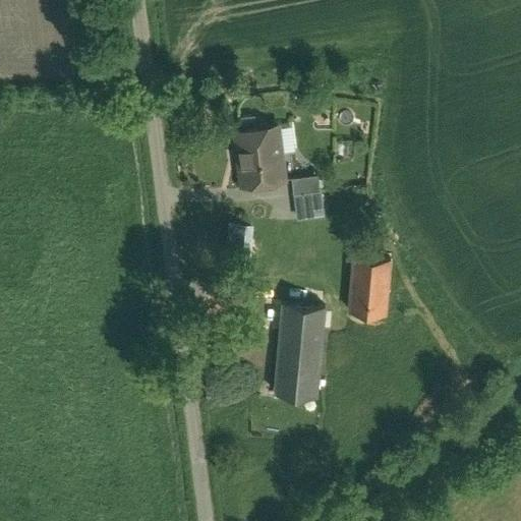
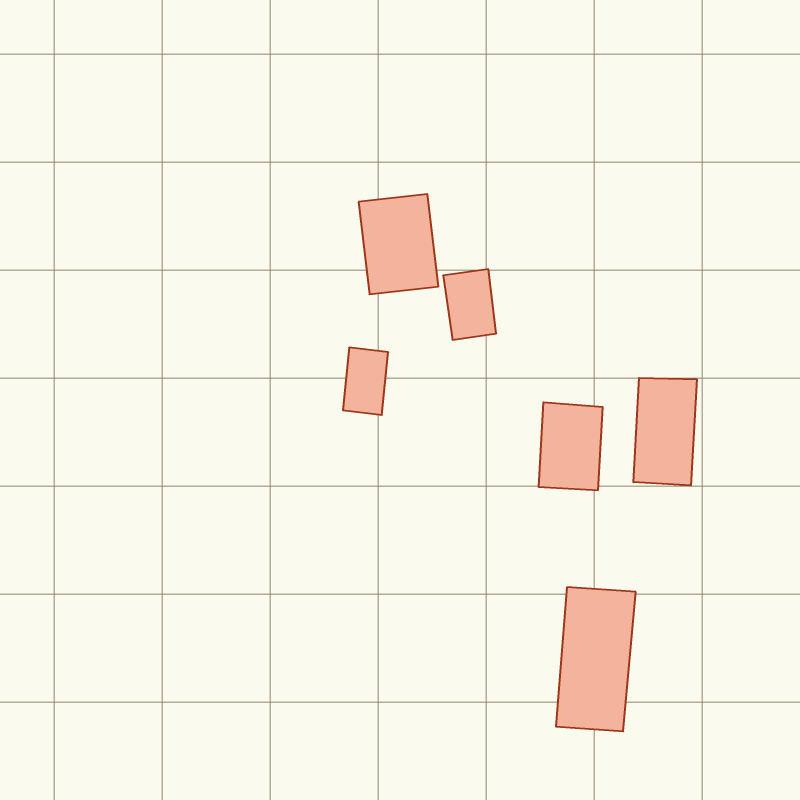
building: none -> [633,378,697,486]
building: [275,305,327,399] -> [556,587,636,731]

